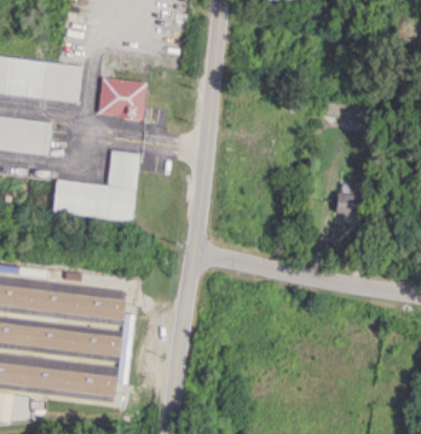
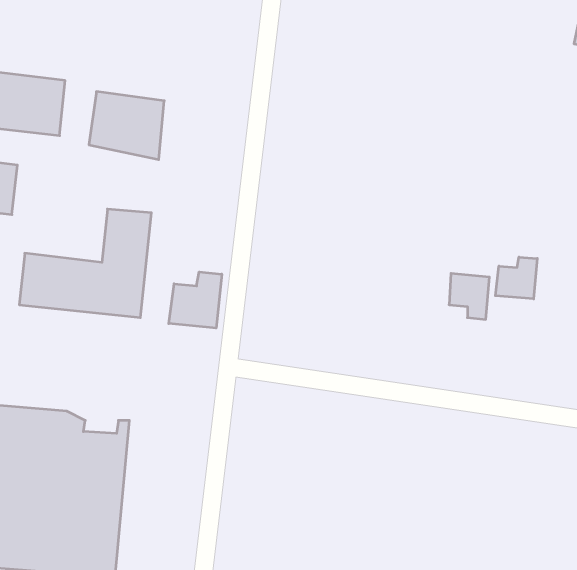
building: none -> [495,257,537,299]
building: none -> [169,272,222,328]

